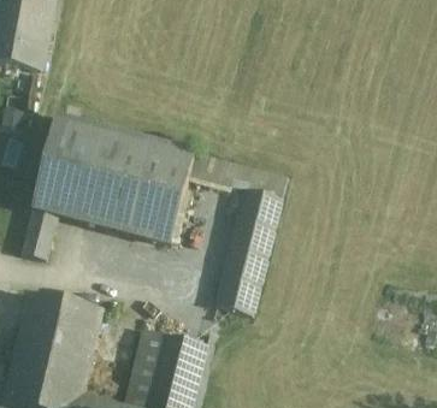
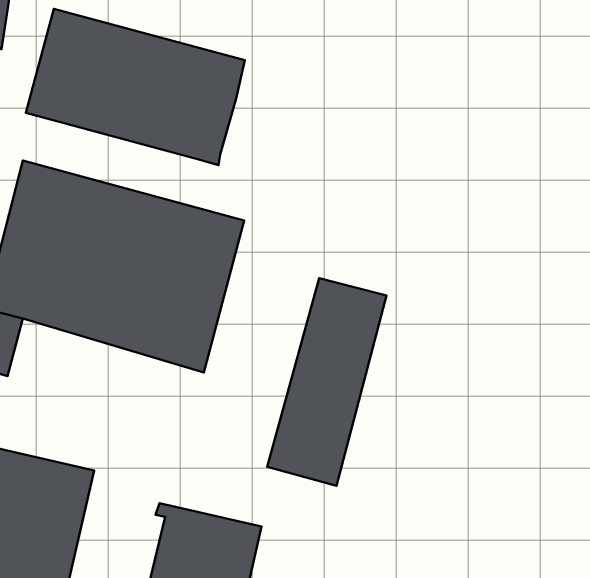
building: none -> [26,9,245,165]

